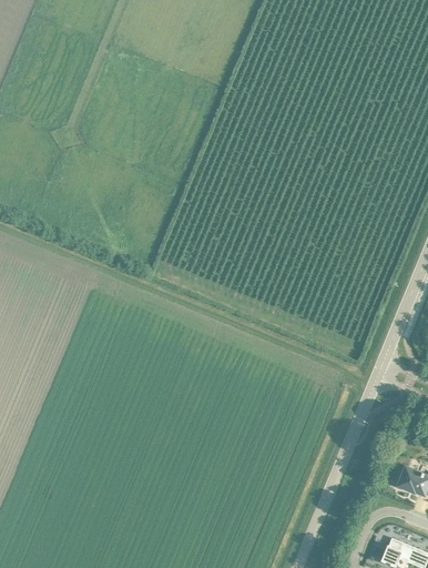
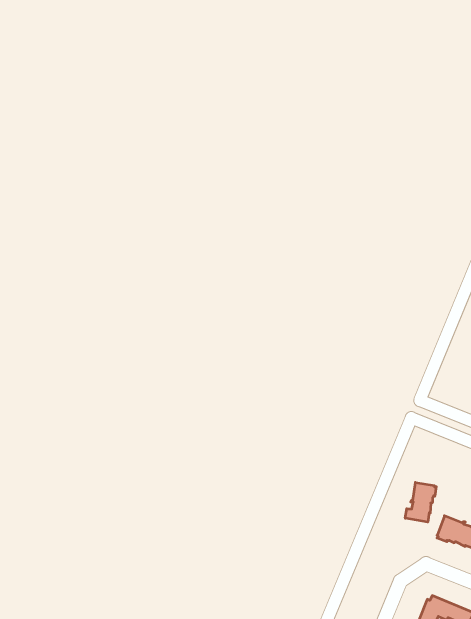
building: none -> [405,482,436,522]

